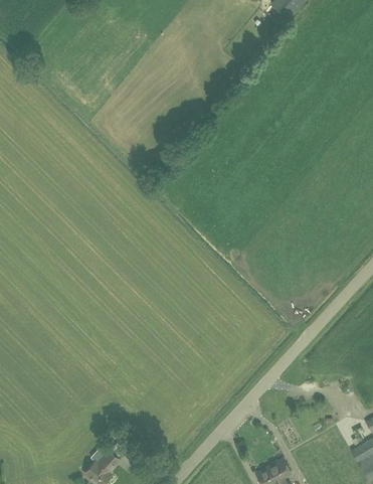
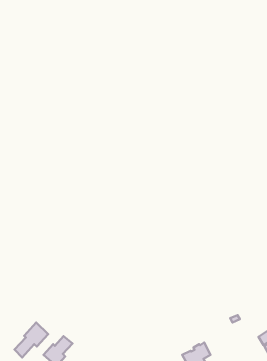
building: none -> [14,323,48,358]

